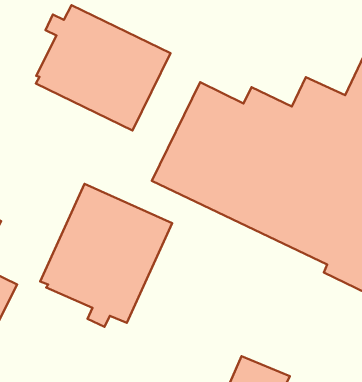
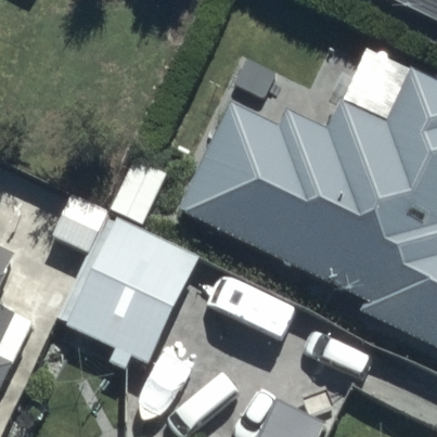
building: [36,5,170,131] -> none

